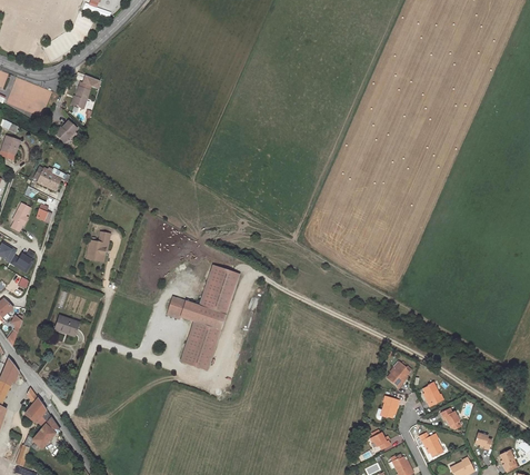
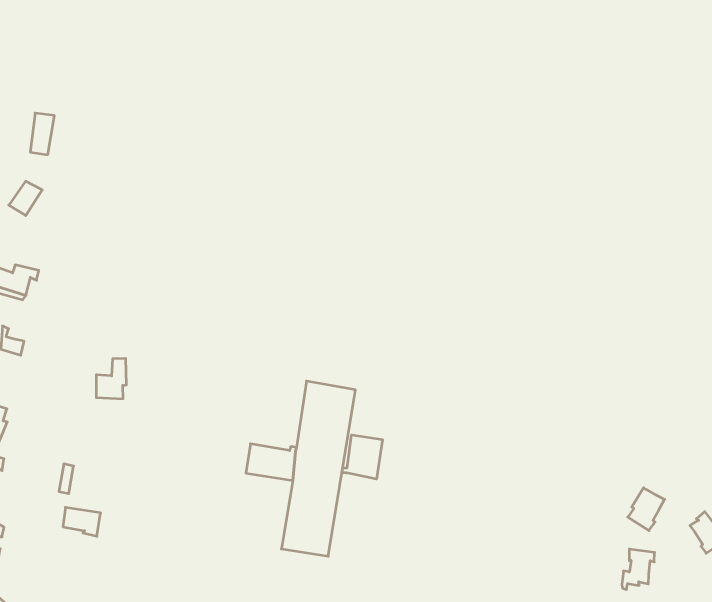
building: none -> [342,435,382,479]

